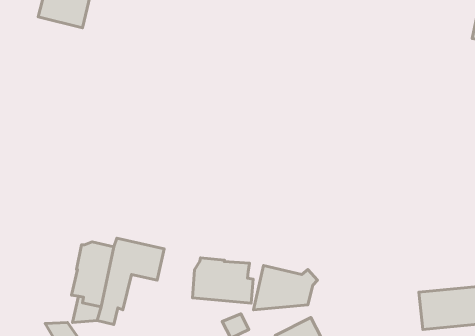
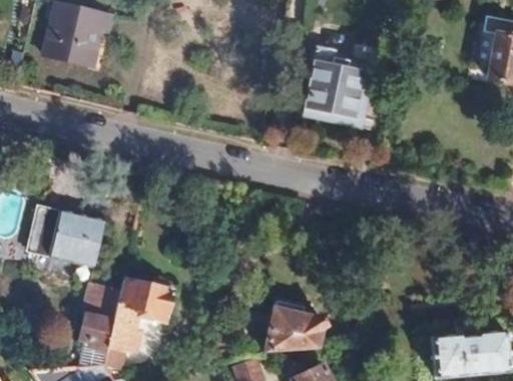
building: none -> [307,47,363,114]
building: none -> [29,206,104,264]
building: [192,258,253,303] -> none

